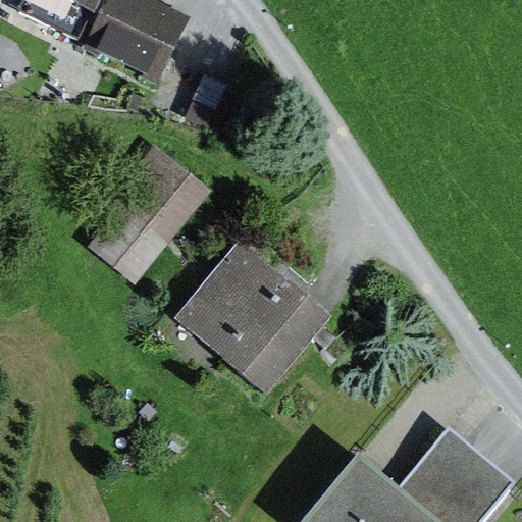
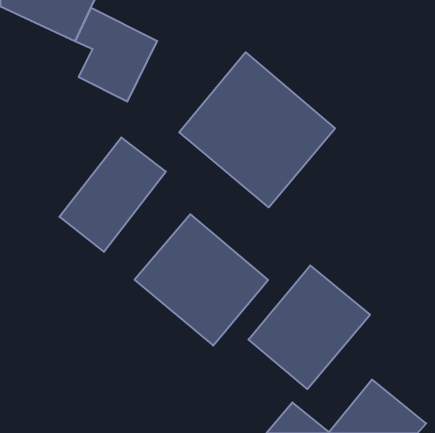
building: none -> [179,52,335,207]
building: none -> [248,265,370,389]

